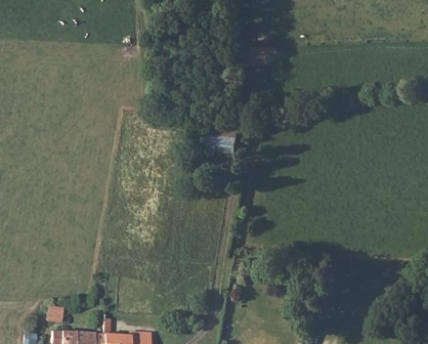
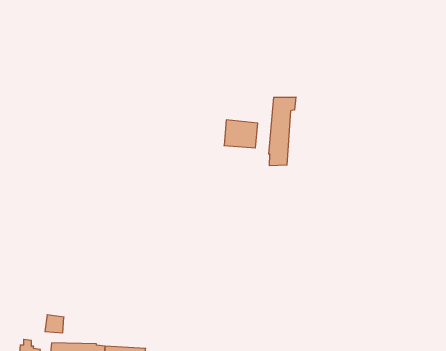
building: none -> [269,97,296,166]

